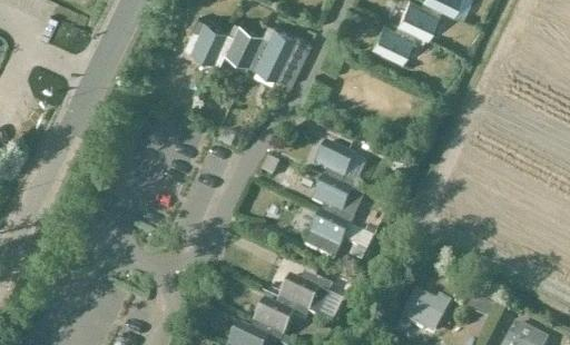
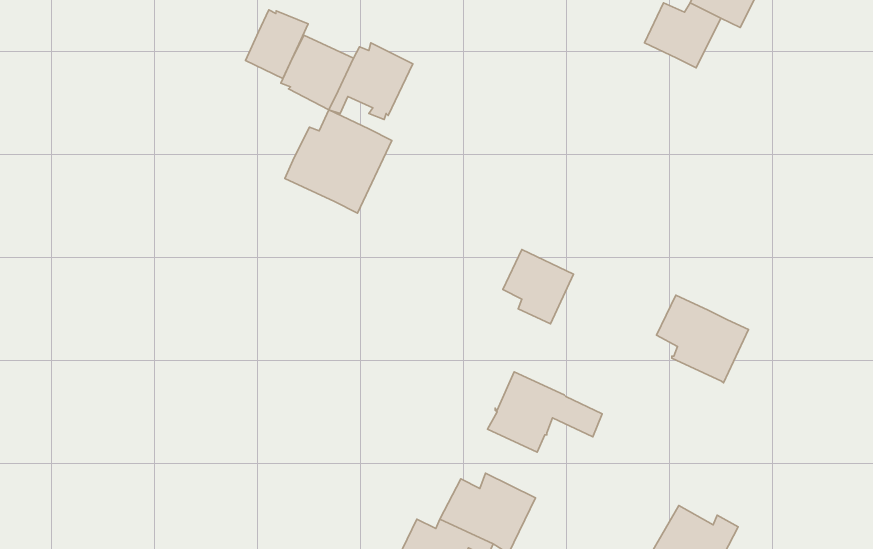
building: none -> [245,10,308,78]
building: [372,27,415,66] -> none
building: [247,29,309,89] -> [285,110,392,213]
building: [312,181,365,233] -> [657,295,748,383]

